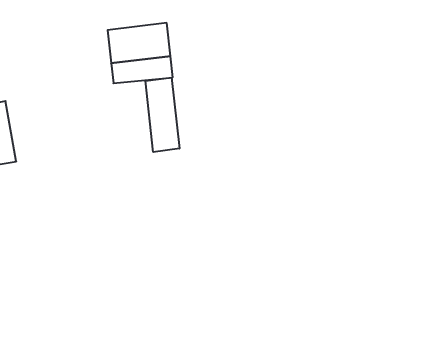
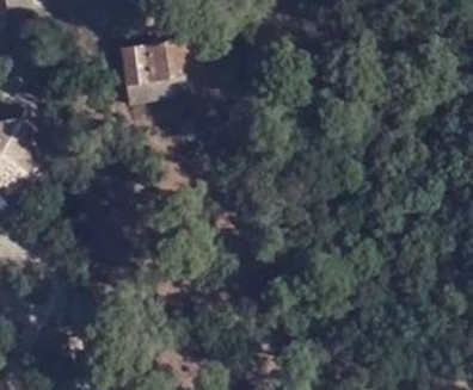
building: [145,78,179,152] -> none

